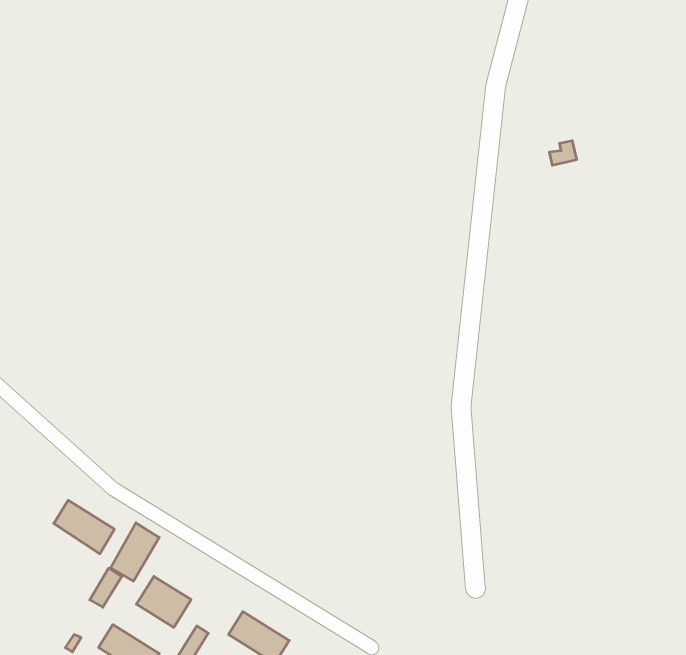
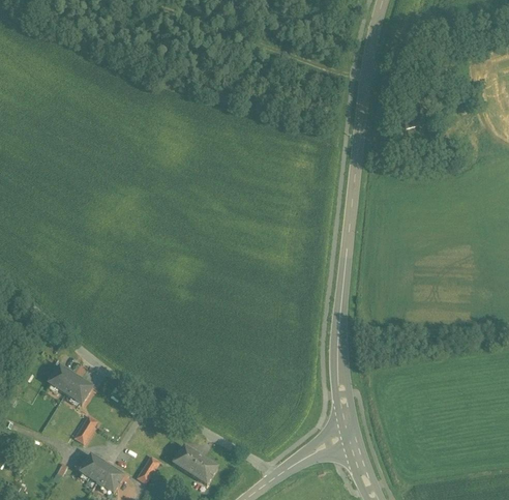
building: [111,523,159,581] -> none
building: [136,576,191,627] -> none

